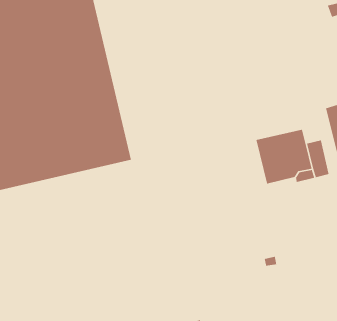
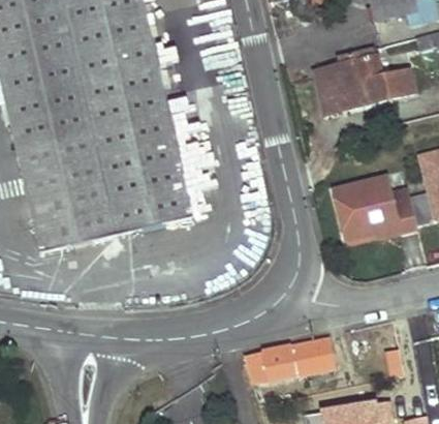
building: none -> [316,48,415,113]
building: none -> [244,336,334,382]

